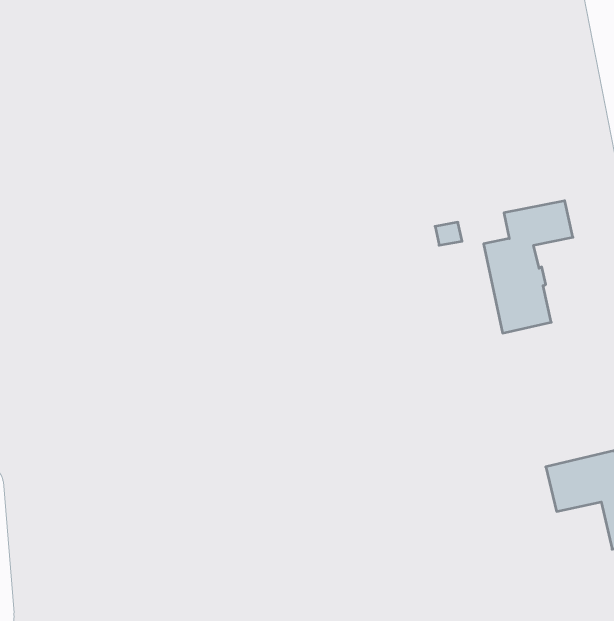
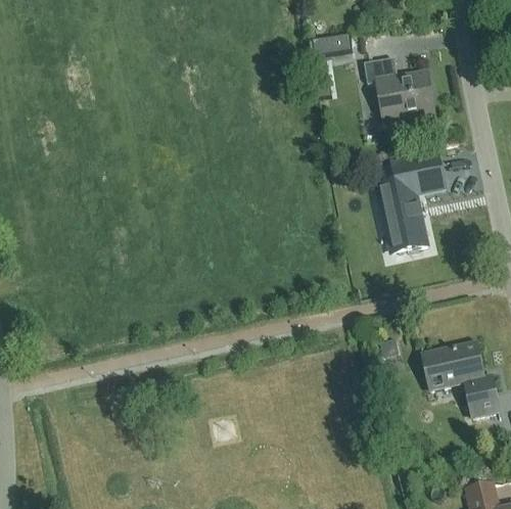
building: none -> [313,34,353,56]
building: none -> [365,58,433,122]

